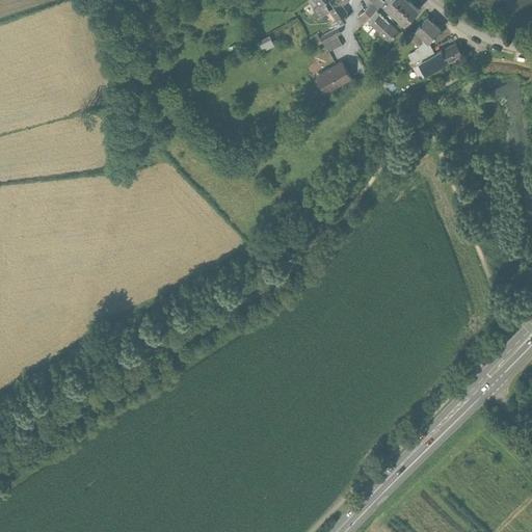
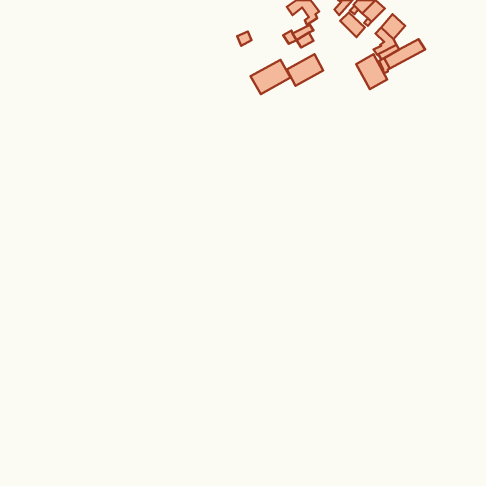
building: none -> [356,54,387,89]
building: none -> [251,60,291,94]

